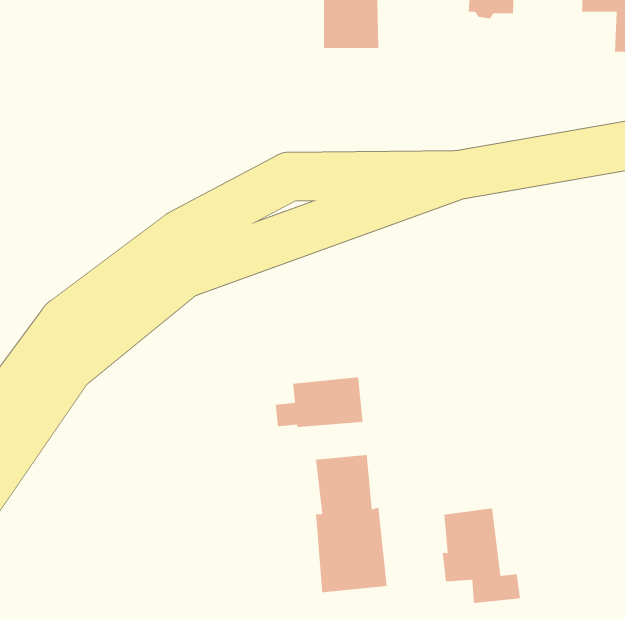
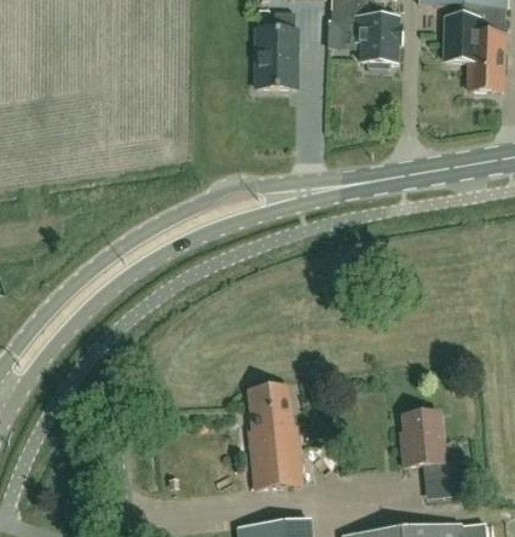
building: [275,377,363,428] -> none
building: [442,508,521,603] -> [401,410,459,480]

